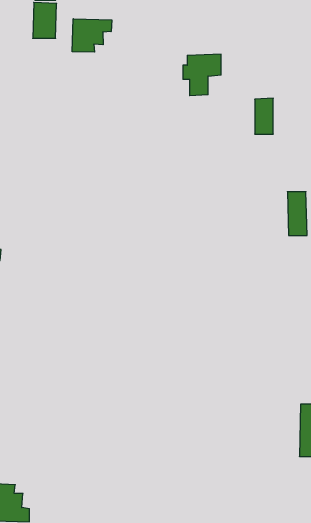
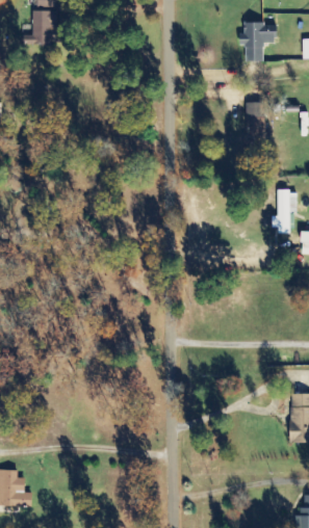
building: [72,19,112,52] -> none
building: [183,54,221,96] -> [239,22,276,61]

